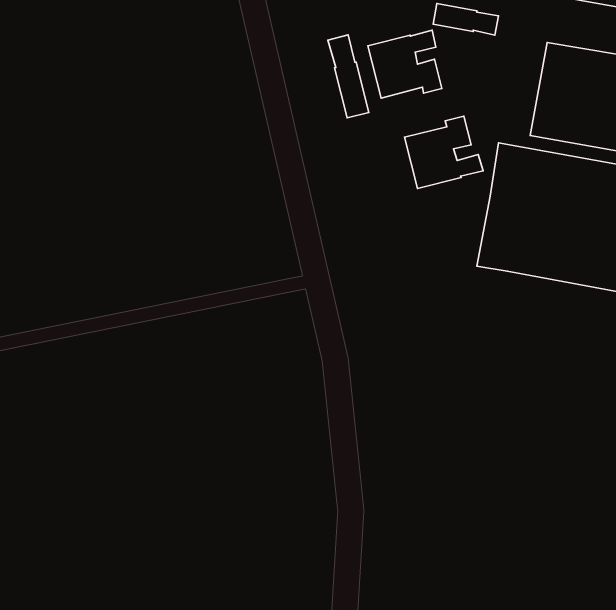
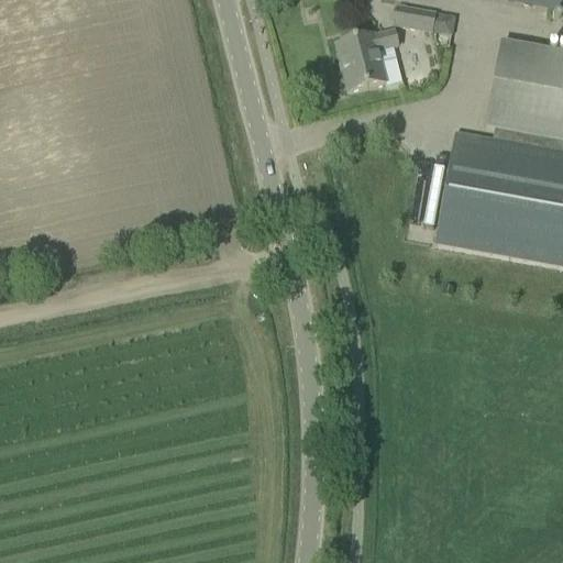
building: [328,35,369,118] -> none
building: [404,116,483,188] -> none

